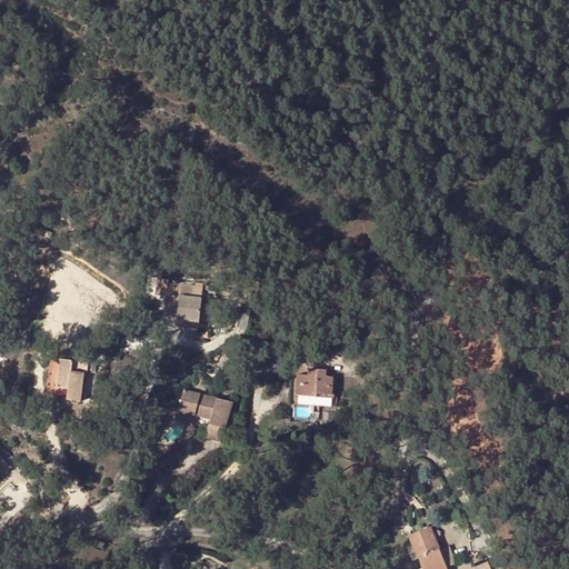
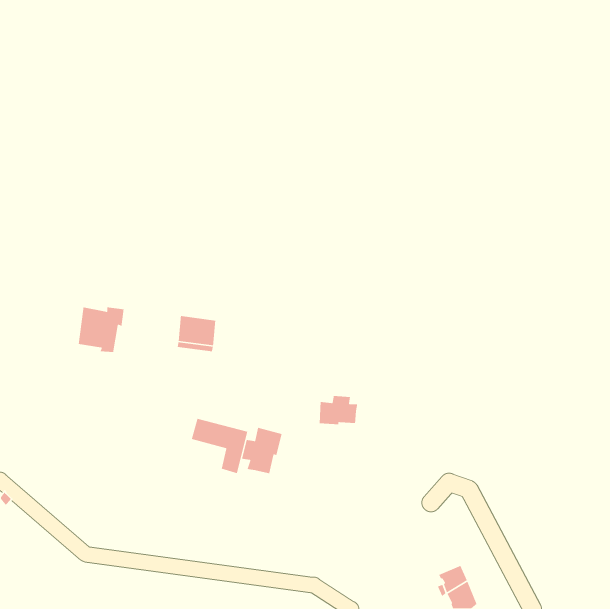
building: [47,357,90,400] -> [78,306,125,353]
building: none -> [241,427,283,474]

